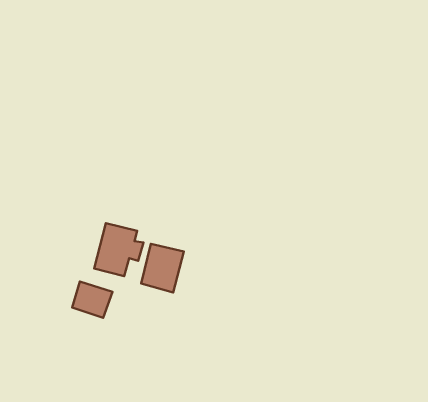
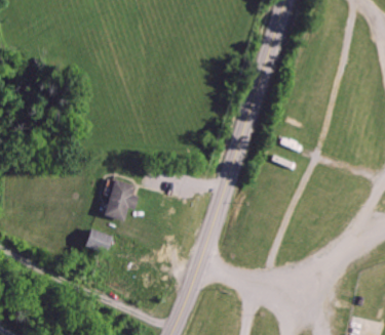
building: [141,244,184,292] -> none

